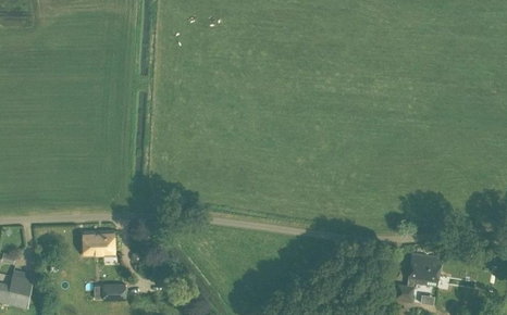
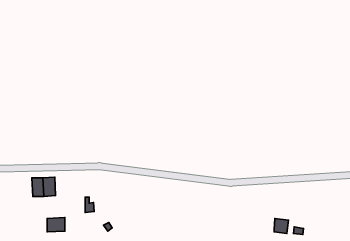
building: [407,252,440,285] -> none

